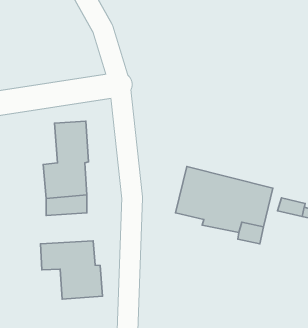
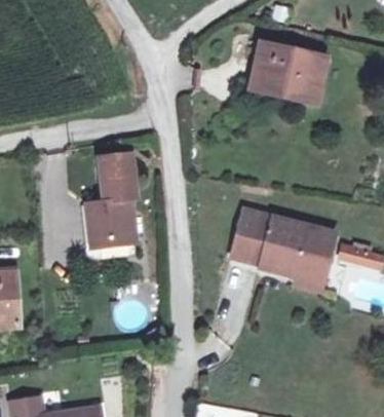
building: none -> [257,46,334,106]
building: [41,241,102,299] -> none

